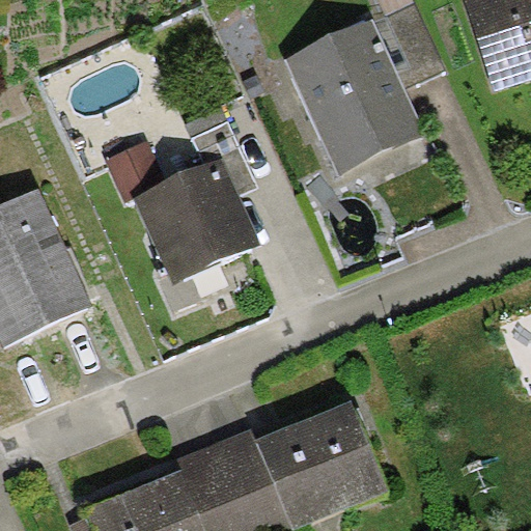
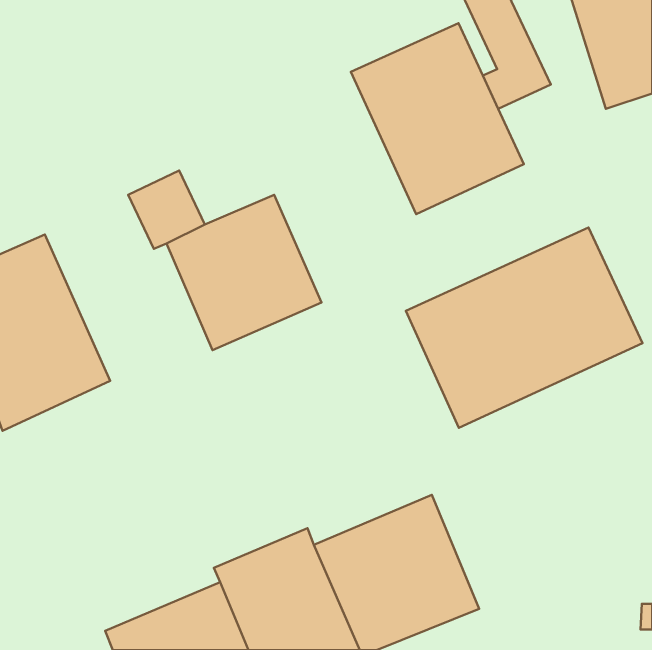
building: none -> [406,227,643,428]

